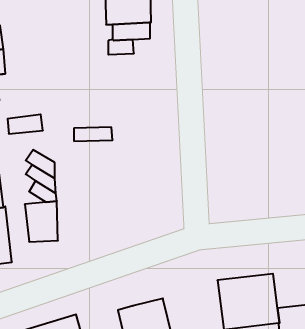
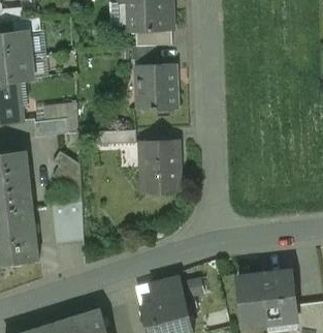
building: none -> [136,64,175,111]
building: none -> [141,142,179,192]
building: none -> [150,278,184,303]

